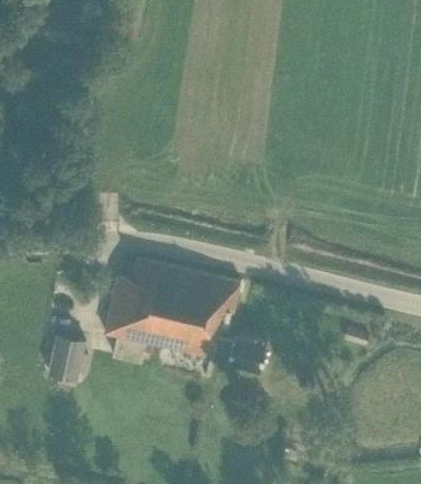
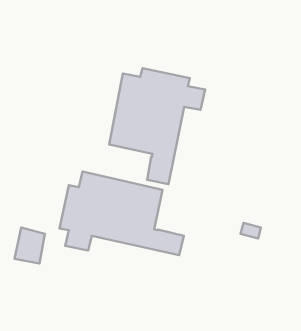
building: none -> [109,68,205,184]

